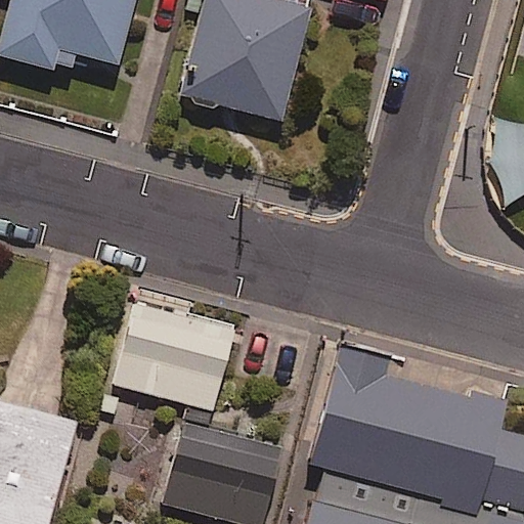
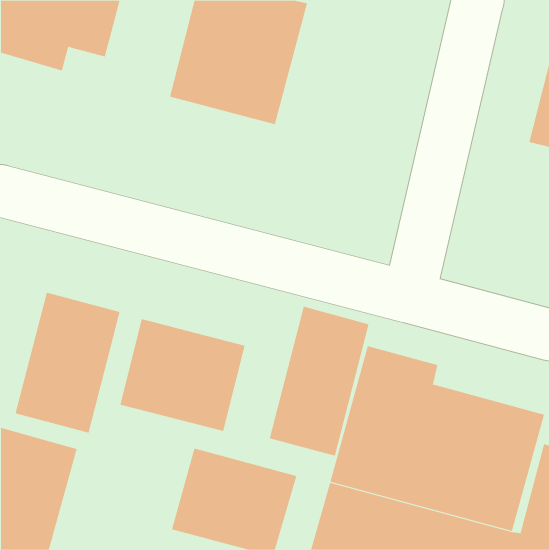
building: none -> [15,292,120,434]
building: none -> [269,306,369,457]

